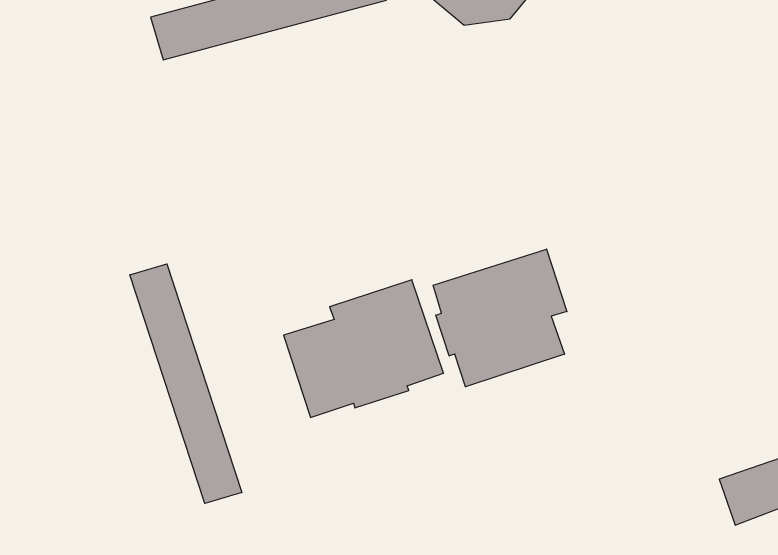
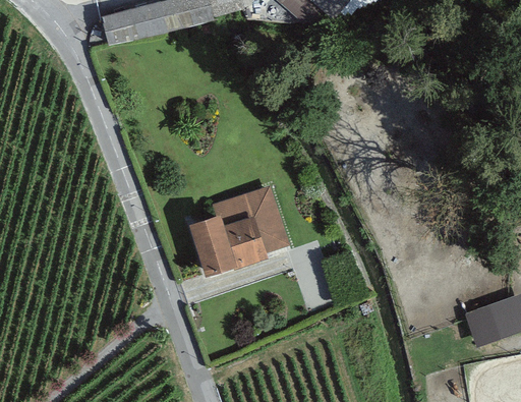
building: [433,249,567,387] -> none
building: [130,264,242,503] -> none

